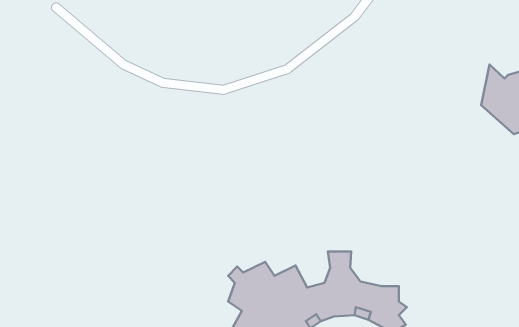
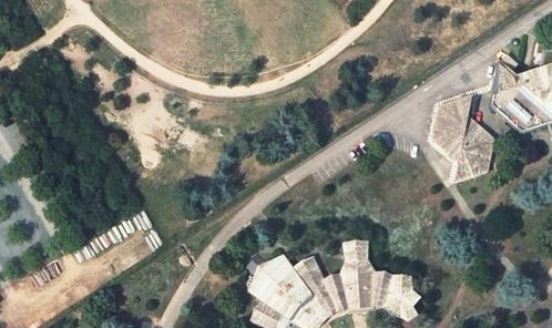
building: none -> [435,96,492,181]

